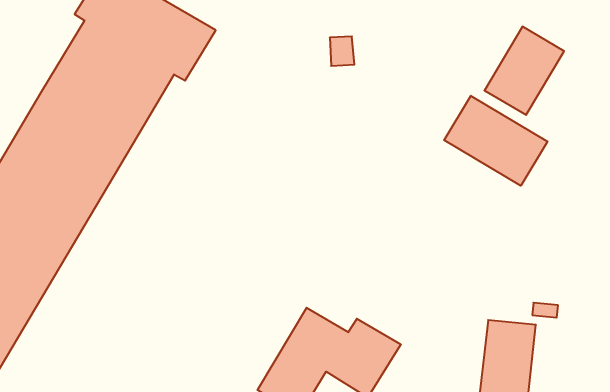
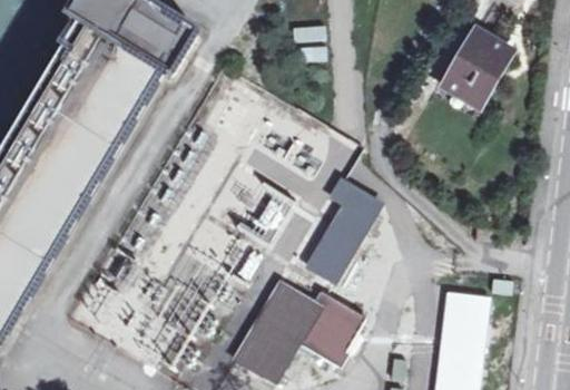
building: [444,96,547,186] -> none
building: none -> [307,179,379,280]

